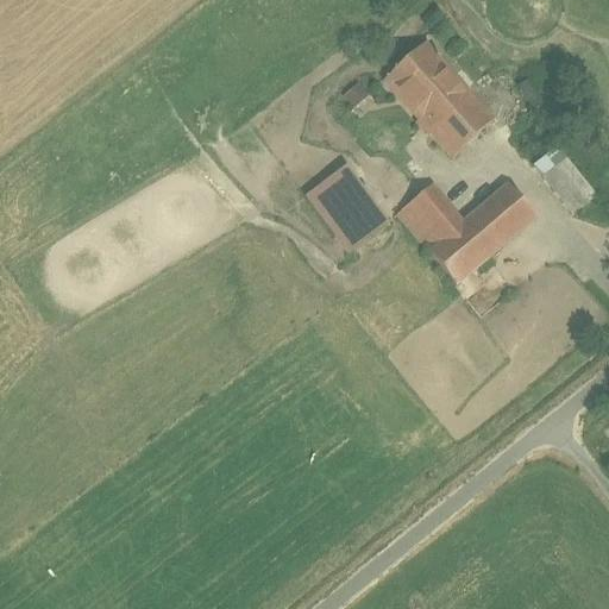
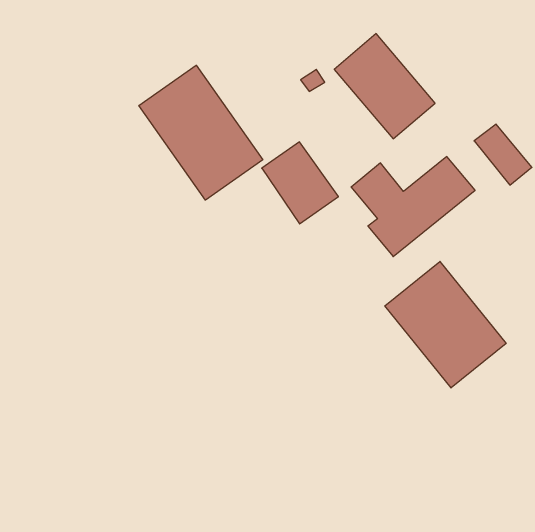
building: none -> [139,65,263,200]
building: none -> [385,261,506,388]

